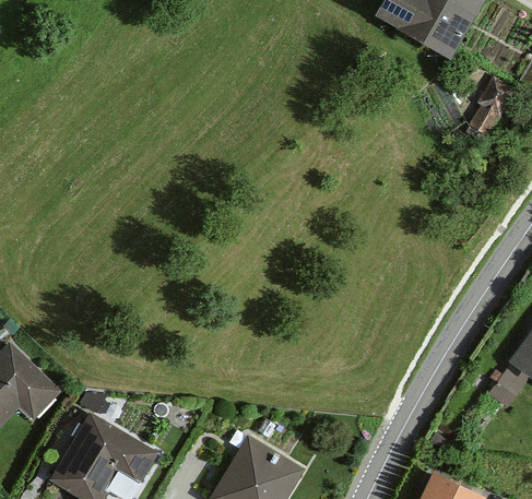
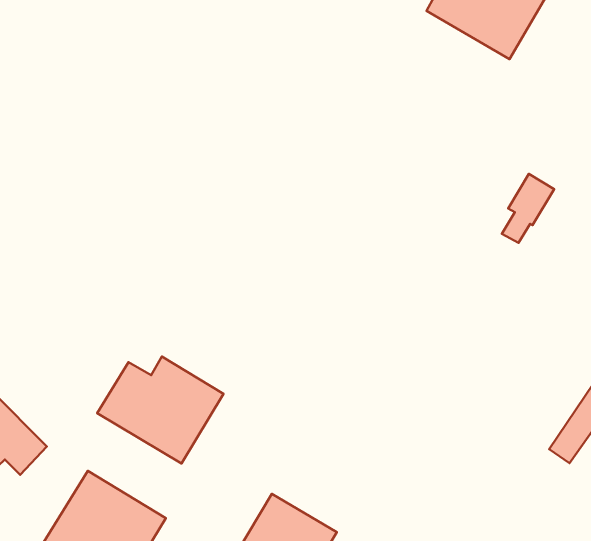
building: [471,75,516,134] -> [502,174,554,243]
building: none -> [97,356,224,463]

